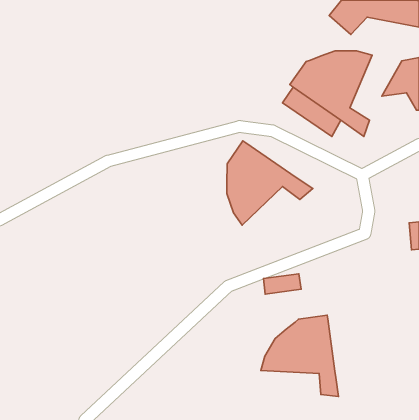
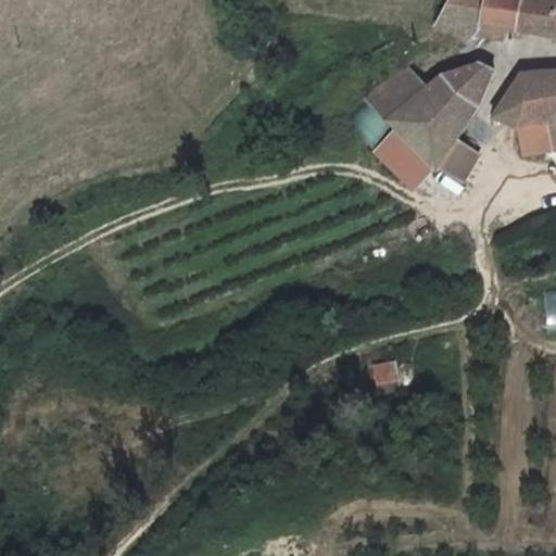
building: [227,141,313,225] -> none
building: [261,315,339,397] -> none

